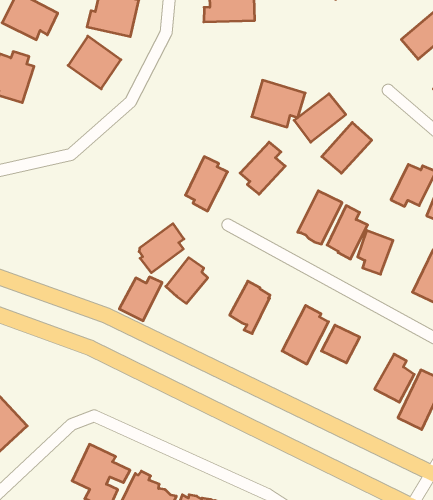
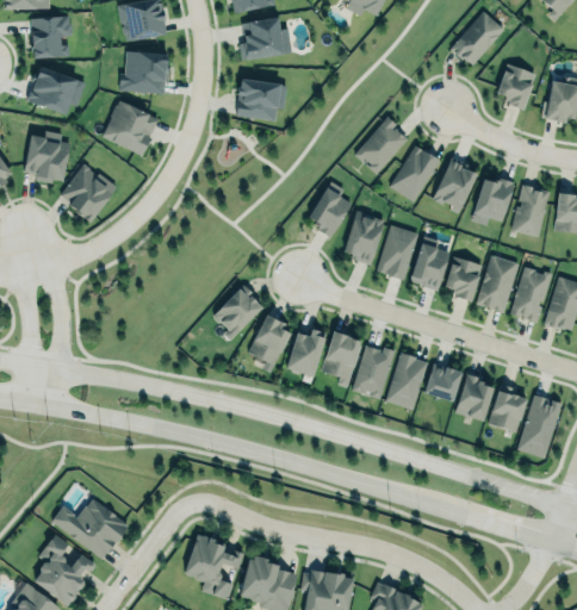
building: [252,80,305,127] -> [235,73,287,118]
building: none -> [58,163,116,222]
building: none -> [433,160,477,212]
building: [185,157,228,211] -> [345,210,385,267]
building: none -> [476,253,517,310]
building: [119,277,162,321] -> [285,329,325,376]
building: none -> [352,344,393,398]
building: none -> [455,374,491,421]

